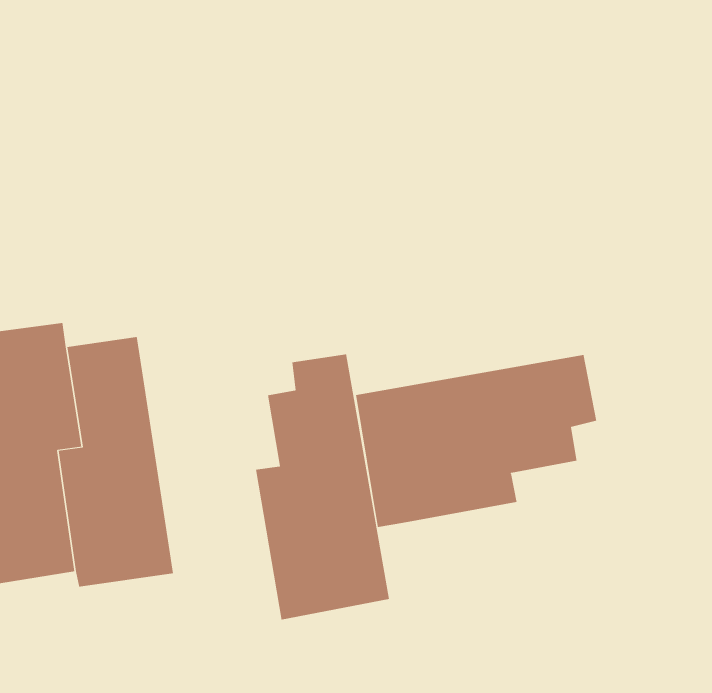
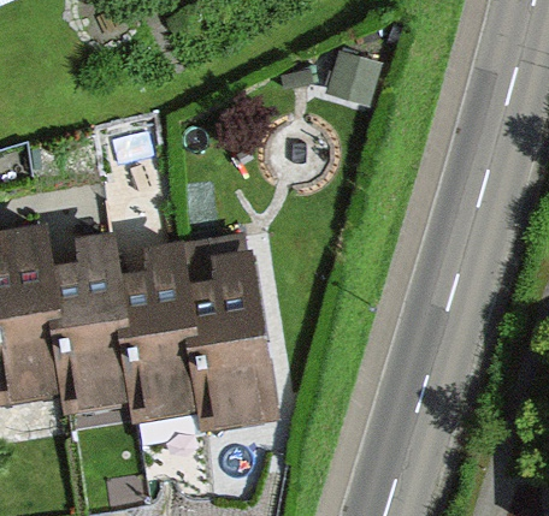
building: none -> [110,232,203,422]
building: [355,354,597,528] -> none

